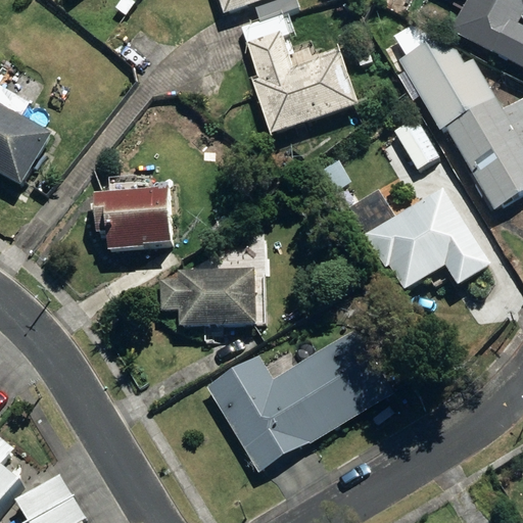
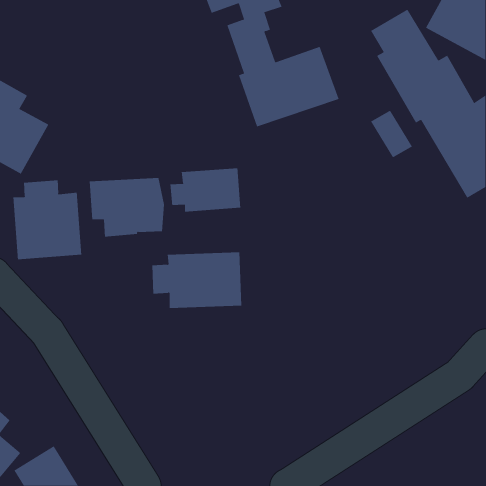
building: none -> [170,167,241,213]
building: [366,187,490,291] -> none
building: none -> [13,180,82,260]
building: [205,328,393,474] -> none

